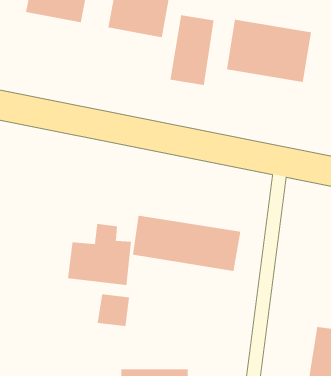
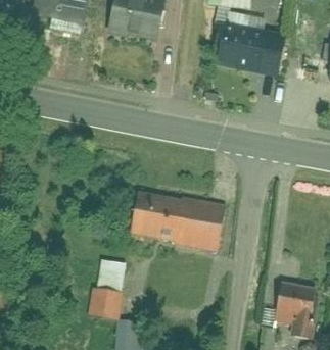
building: [170,14,214,86] -> none
building: [68,223,131,286] -> none
building: none -> [88,287,124,321]

